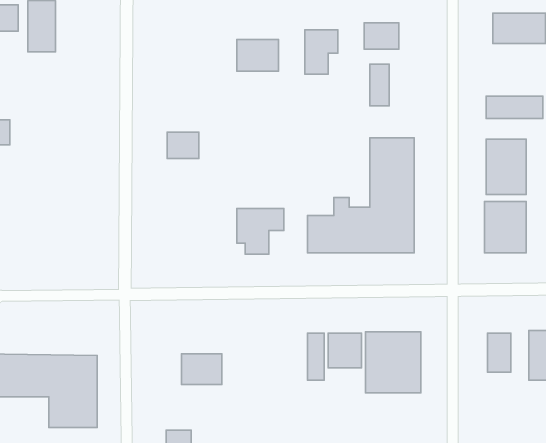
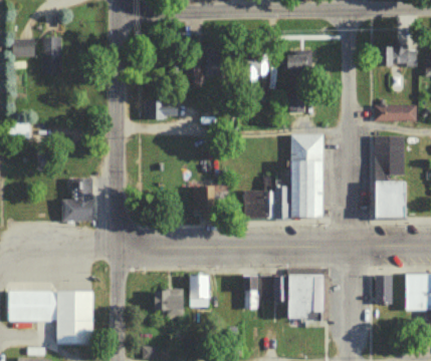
building: [167,132,199,158] -> [155,100,178,119]
building: none -> [62,178,92,221]
building: none -> [190,276,209,308]

